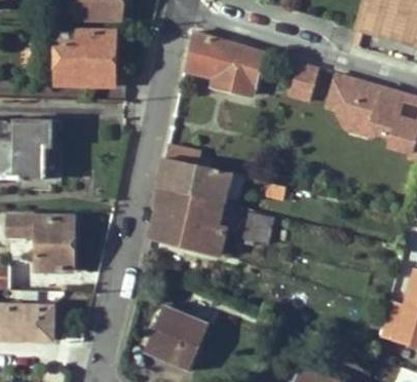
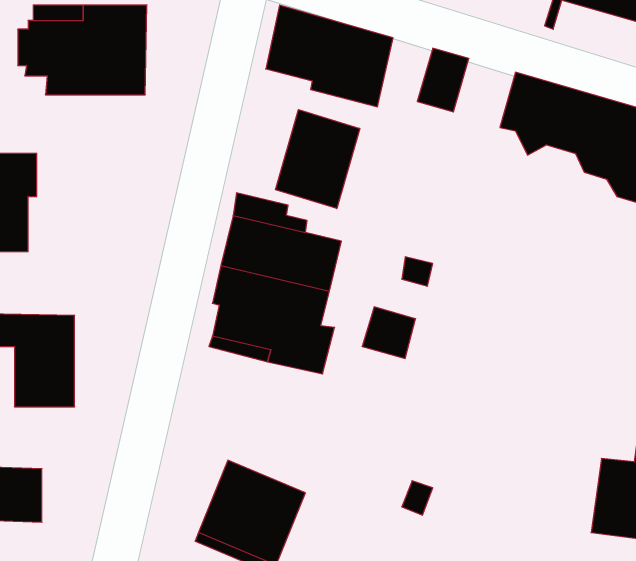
building: none -> [276,110,360,209]

